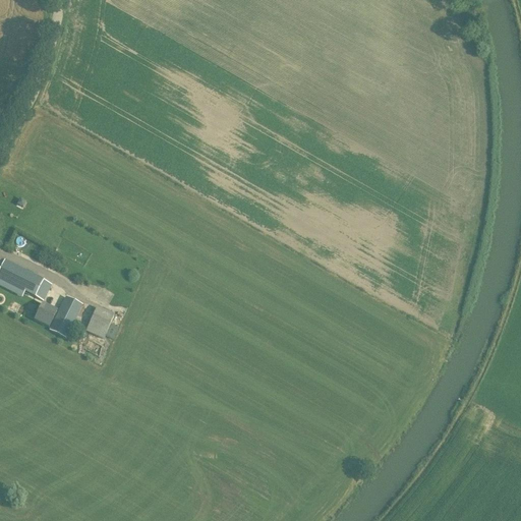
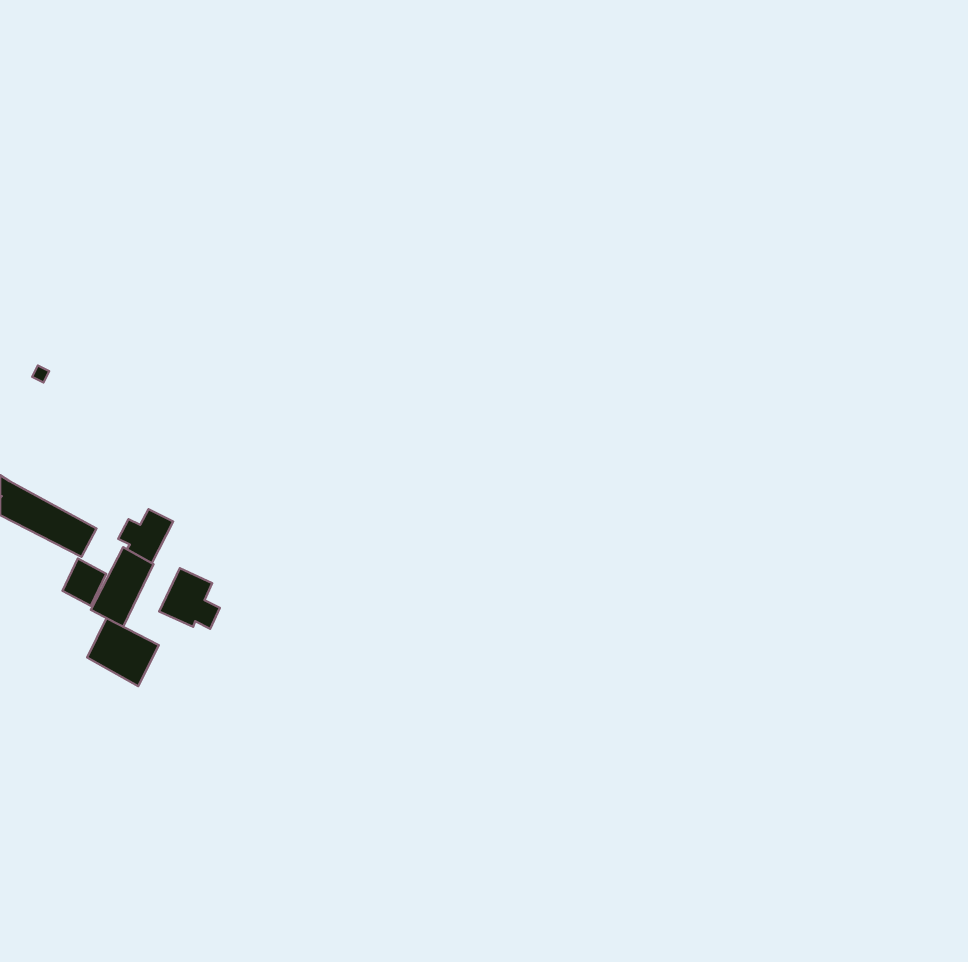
building: none -> [118,509,173,563]
building: none -> [87,618,159,686]

